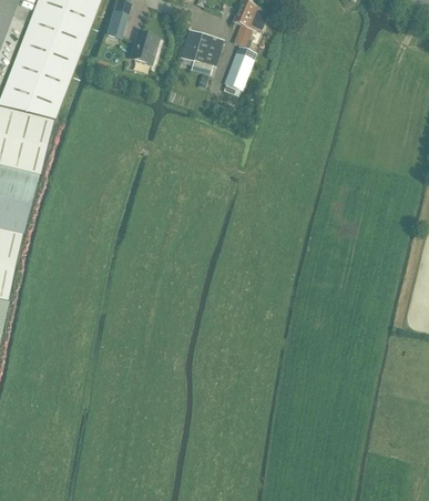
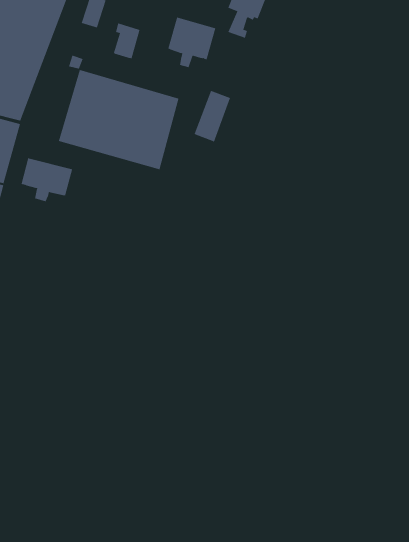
building: [225,44,257,90] -> [194,90,231,143]
building: none -> [58,69,179,170]
building: none -> [21,157,73,202]

